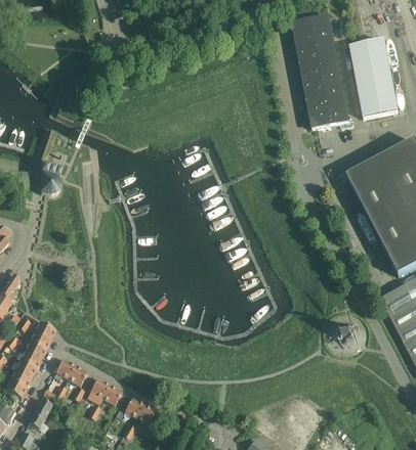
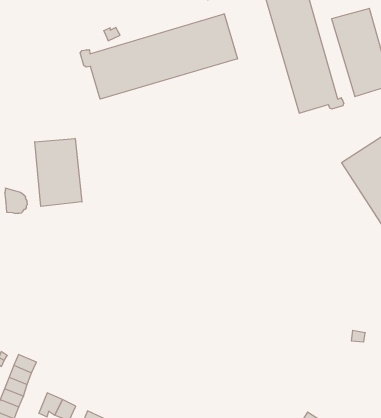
building: none -> [80,14,237,99]
building: none -> [35,138,82,206]

